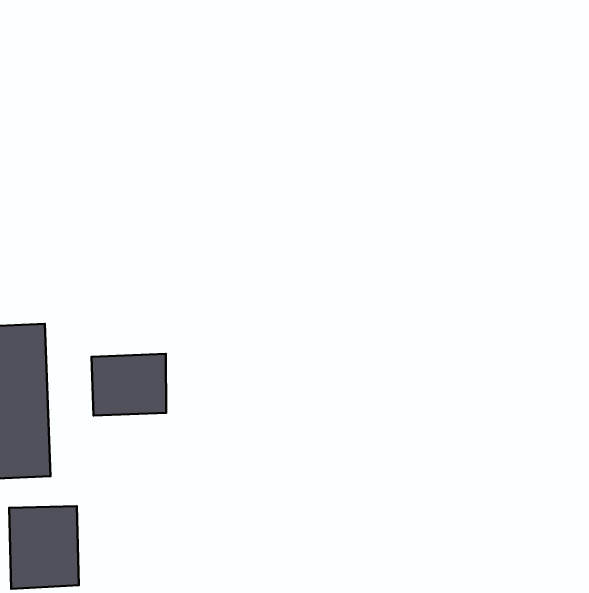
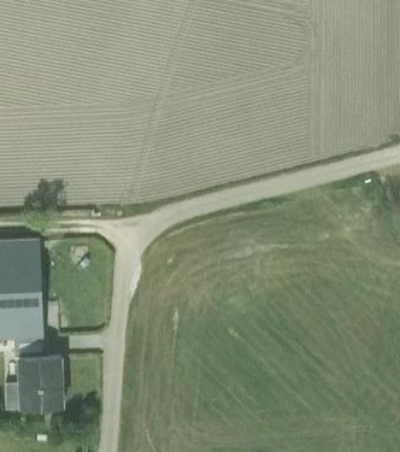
building: [91,354,166,415] -> none

